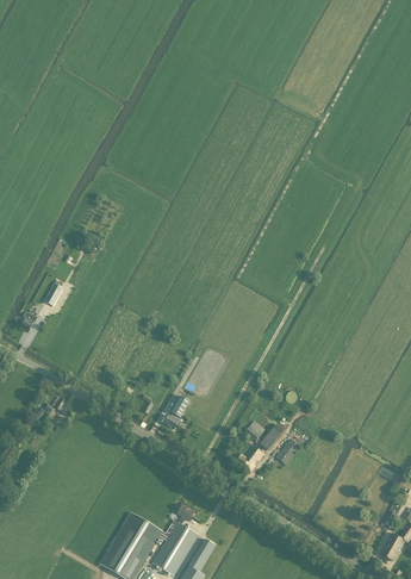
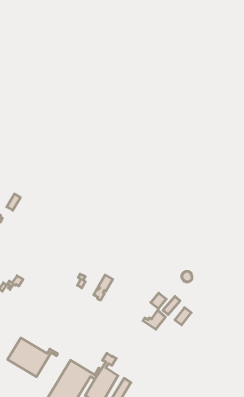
building: none -> [8,338,57,377]

